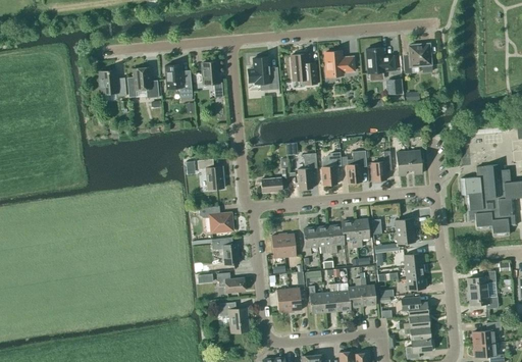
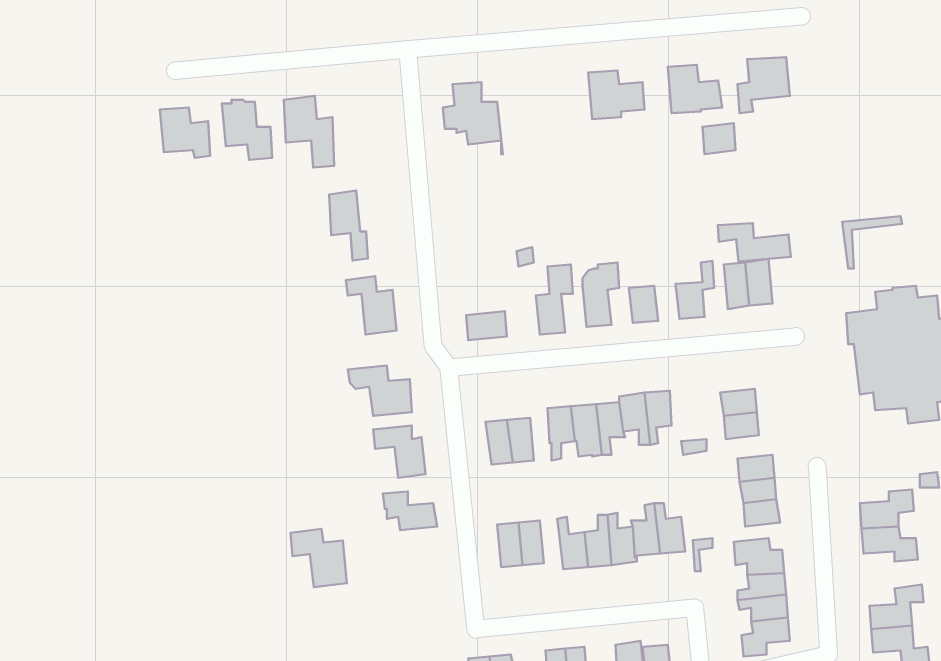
building: [290,54,316,85] -> none
building: [202,61,222,98] -> [329,191,368,260]
building: none -> [718,223,791,261]
building: [218,302,248,332] -> [291,529,347,587]

